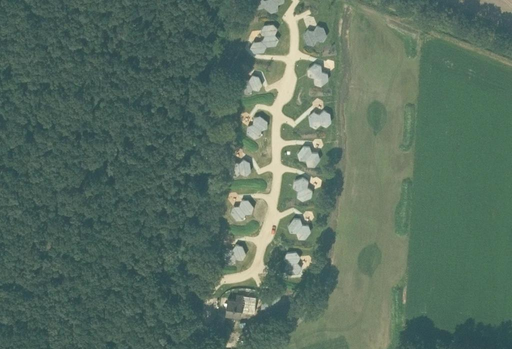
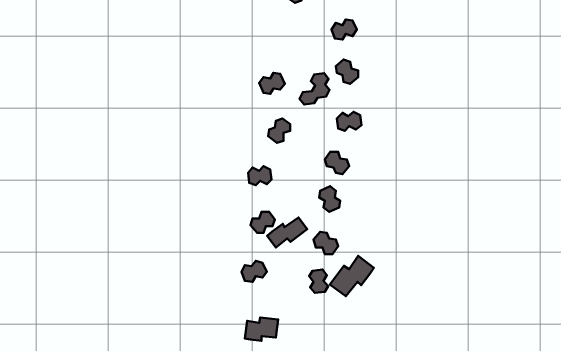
building: [250,24,277,52] -> [300,73,330,104]
building: none -> [267,217,307,248]
building: none -> [330,256,374,296]

